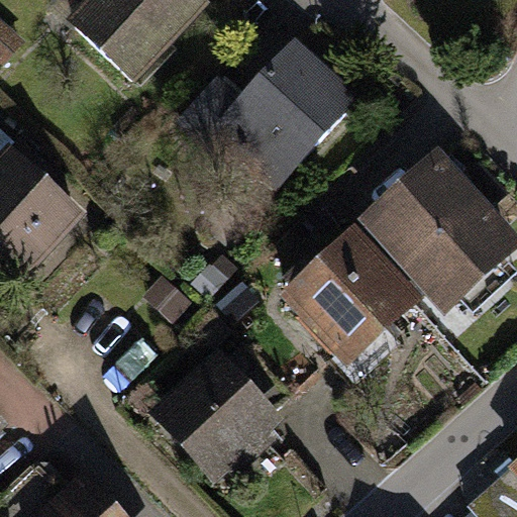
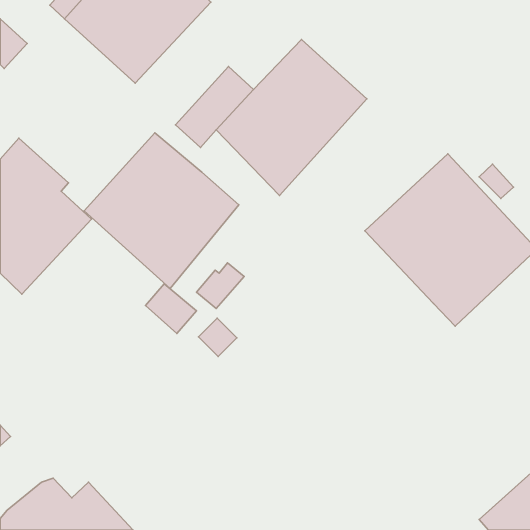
building: none -> [84,133,239,289]
building: [279,224,422,367] -> none
building: [148,351,281,482] -> none

